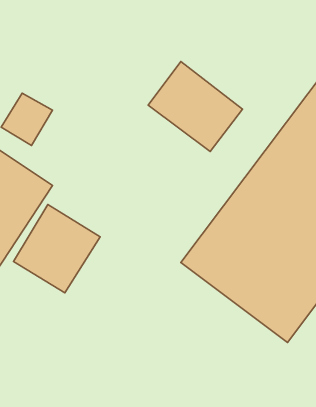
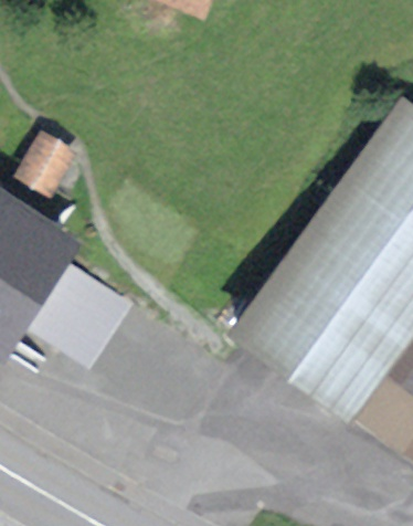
building: [148,62,243,151] -> none

